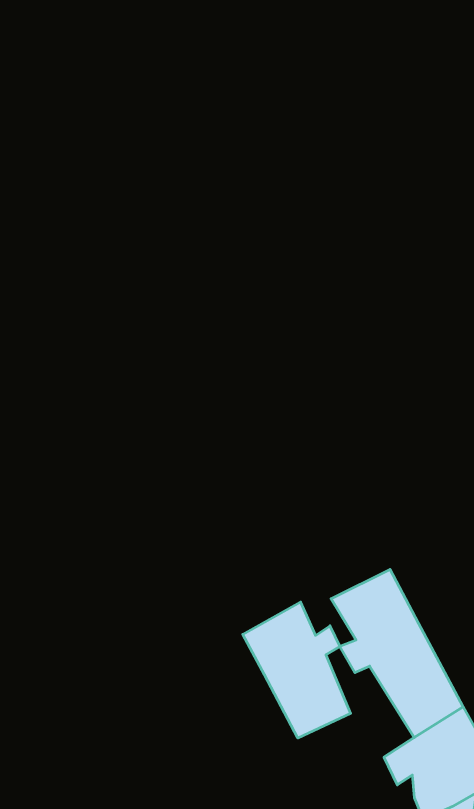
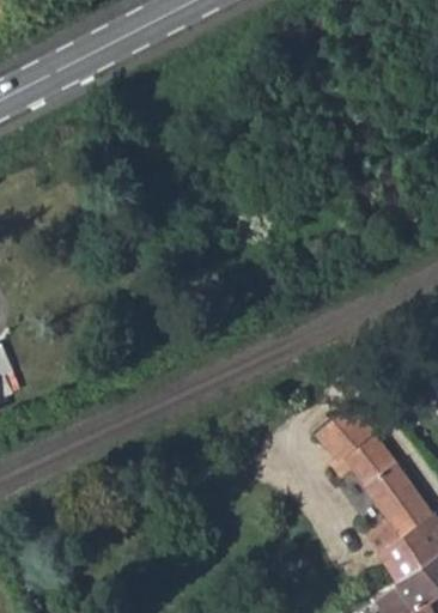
building: [243,602,351,738] -> none

